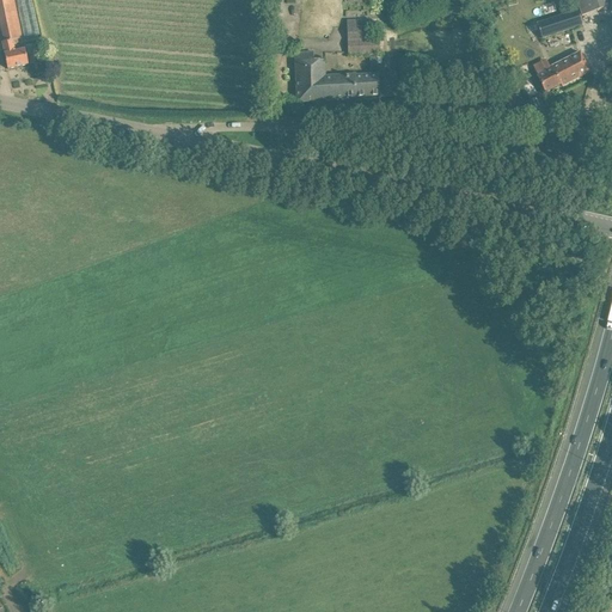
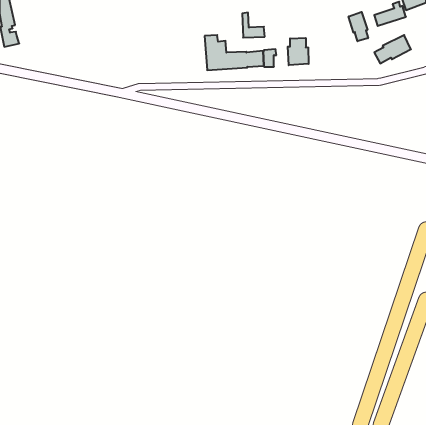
building: none -> [349,12,368,41]
building: none -> [288,38,309,65]

